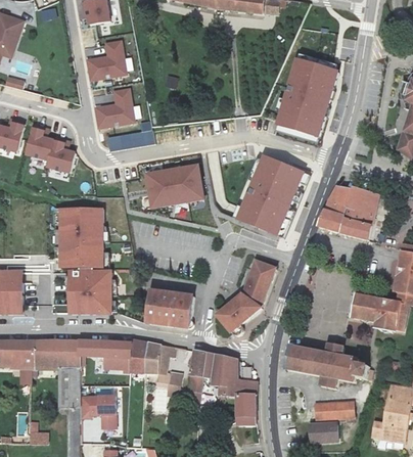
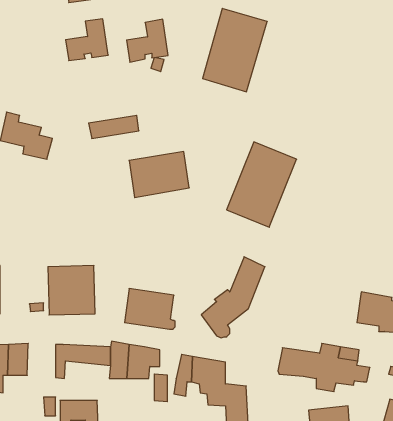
building: [276,56,336,134] -> [203,8,267,92]
building: [95,87,134,127] -> [127,19,168,62]
building: [318,188,376,240] -> none
building: [60,208,104,268] -> none
building: [50,341,77,371] -> none

